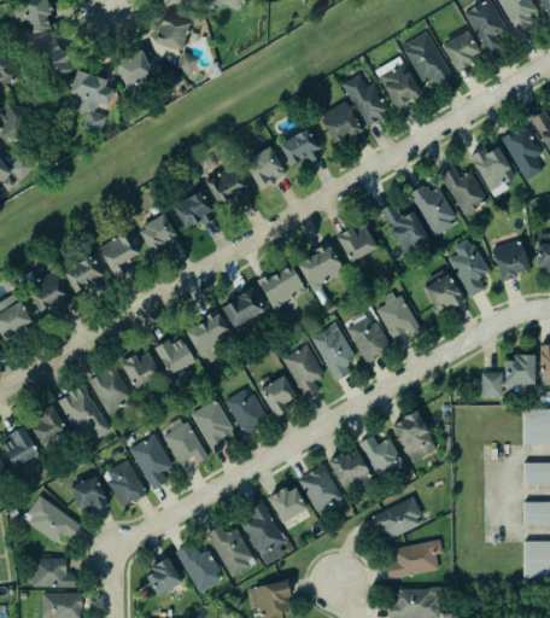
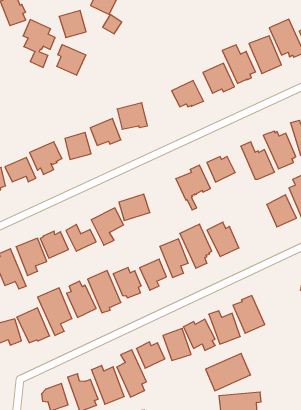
building: none -> [57,45,86,75]
building: [245,146,285,190] -> none
building: [256,264,305,309] -> none
building: [375,291,421,337] -> none

